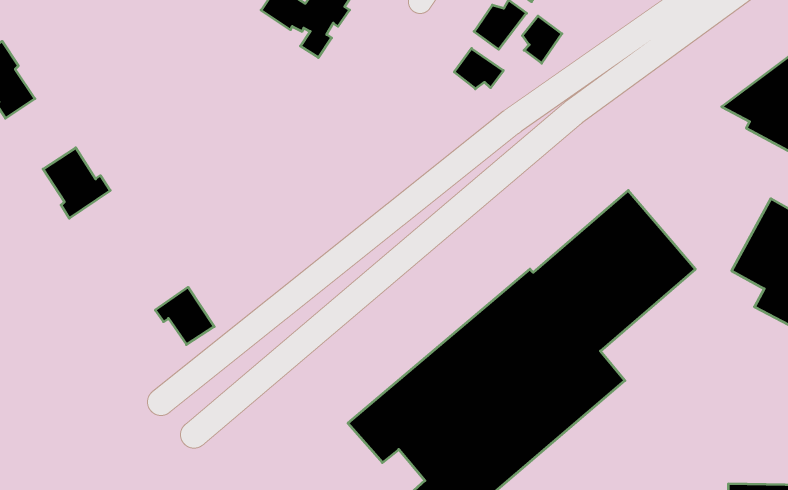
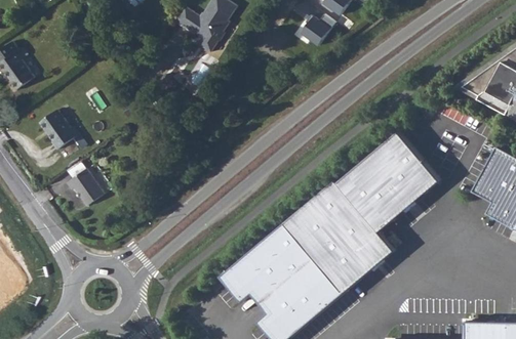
building: [522,16,562,63] -> none
building: [454,48,503,89] -> none
building: [155,287,214,345] -> [61,170,97,206]

